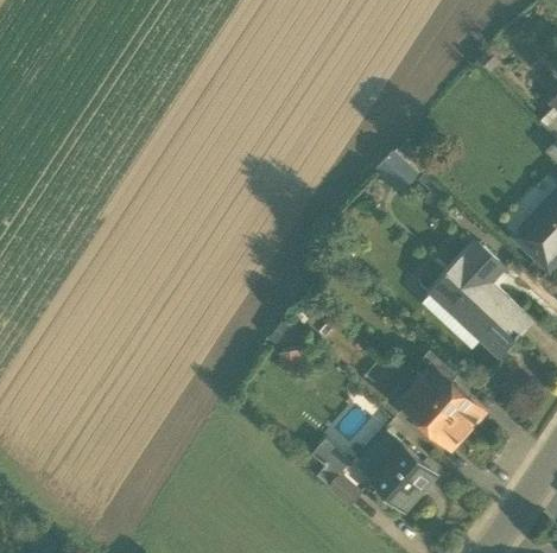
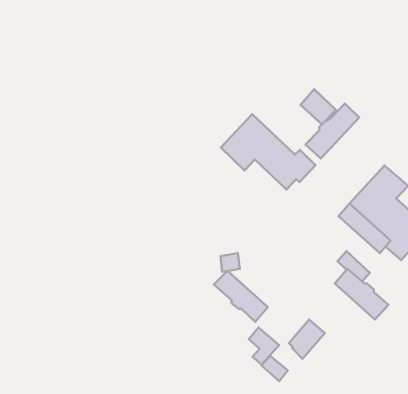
building: none -> [306,104,359,158]
building: none -> [221,114,316,189]
building: [401,387,467,449] -> [214,271,268,322]
building: [374,447,437,511] -> none

